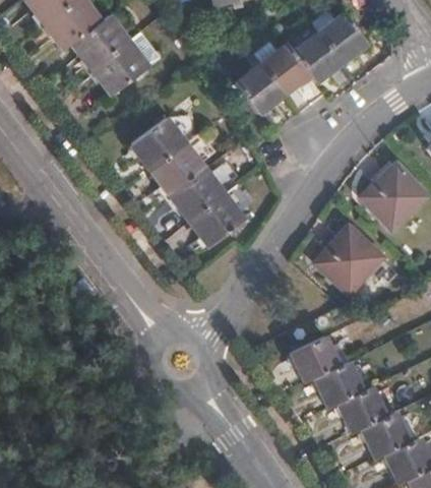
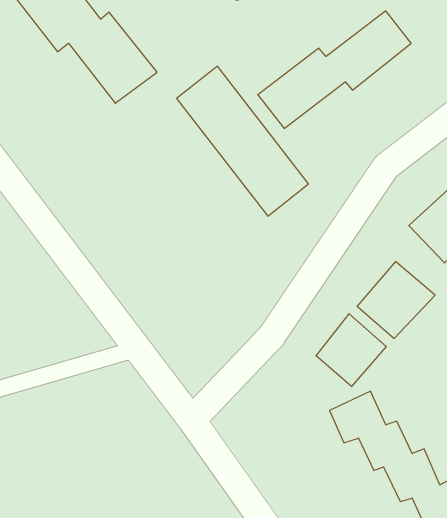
building: [131,119,243,246] -> [177,66,308,216]
building: none -> [316,314,386,387]

